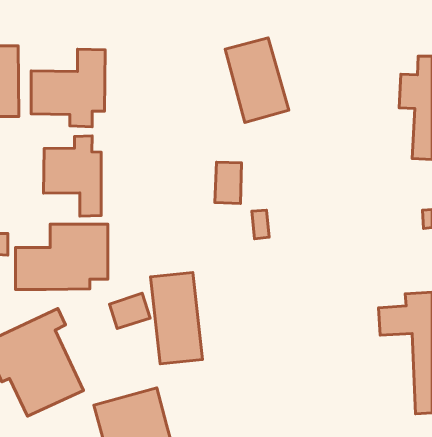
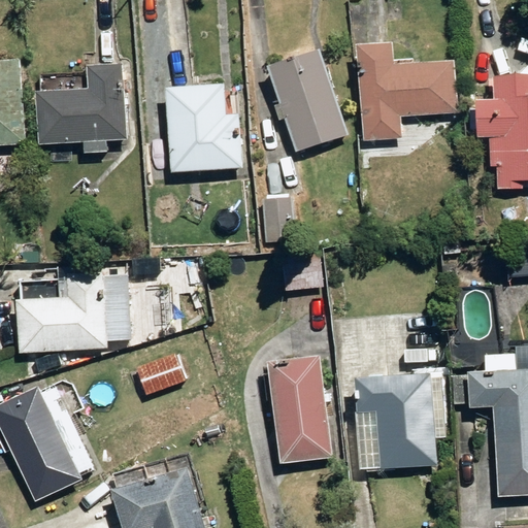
building: none -> [356,38,452,143]
building: none -> [167,86,239,171]
building: [44,136,101,216] -> none
building: [151,273,202,364] -> [271,355,333,464]
building: none -> [357,373,442,470]

